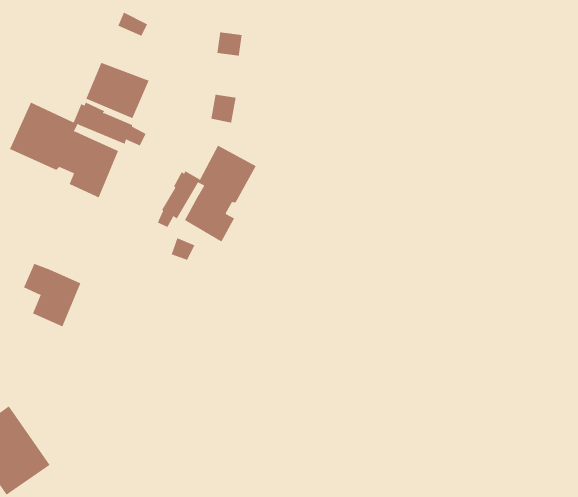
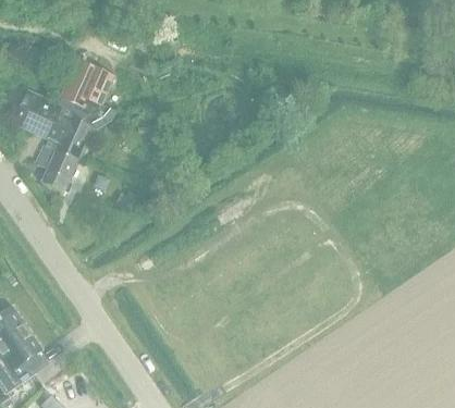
building: [157,145,256,242] -> none
building: [23,263,81,327] -> [35,145,76,190]

